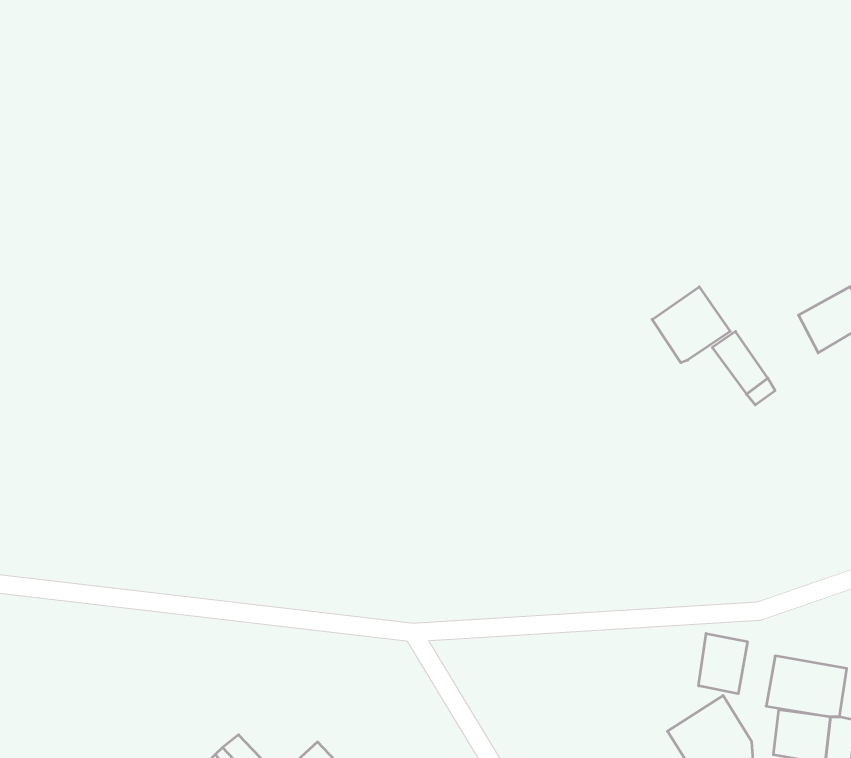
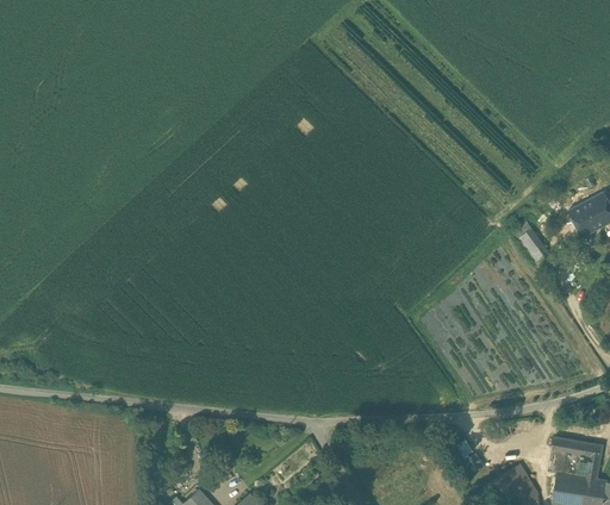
building: [652,287,730,363] -> none
building: [699,633,747,694] -> none

